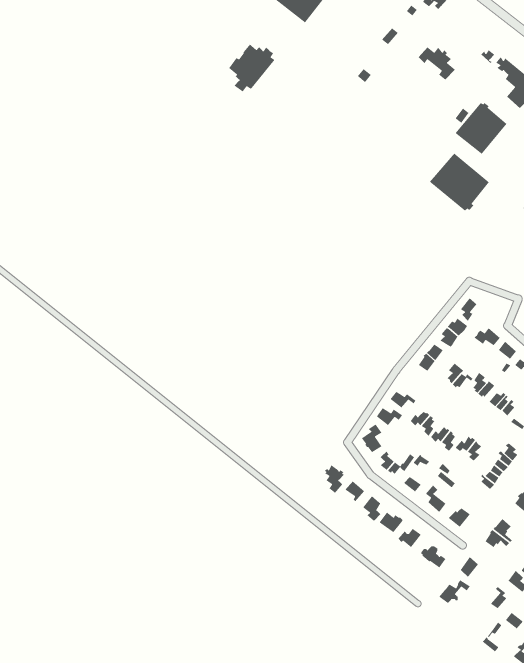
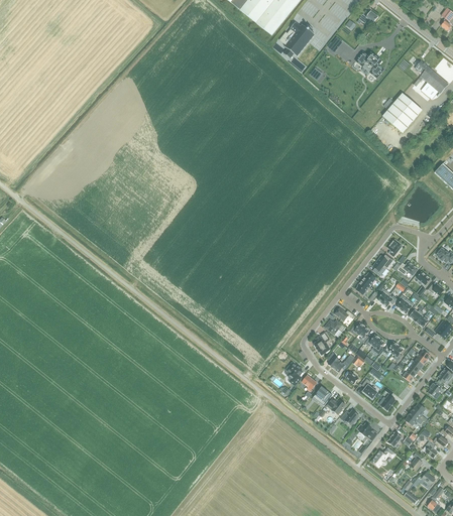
building: [228,44,275,92] -> [279,21,315,57]
building: [429,152,490,212] -> none

